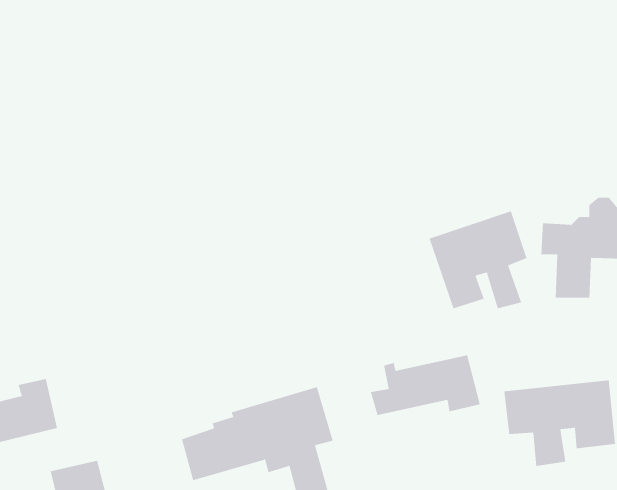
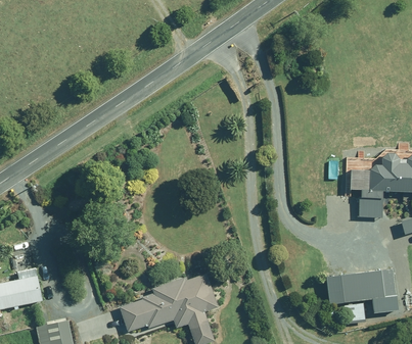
building: [429,210,527,309] -> none
building: [370,354,480,416] -> none

